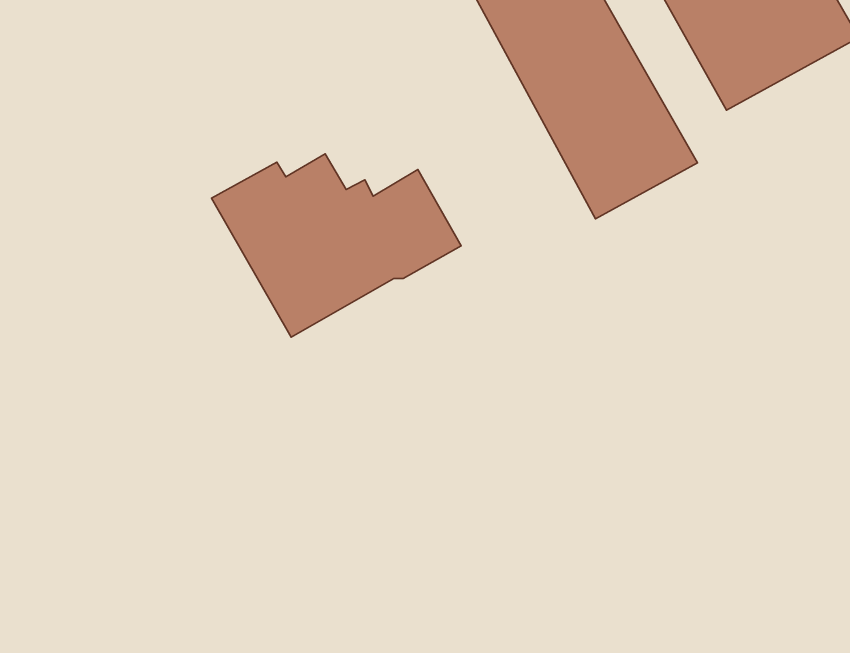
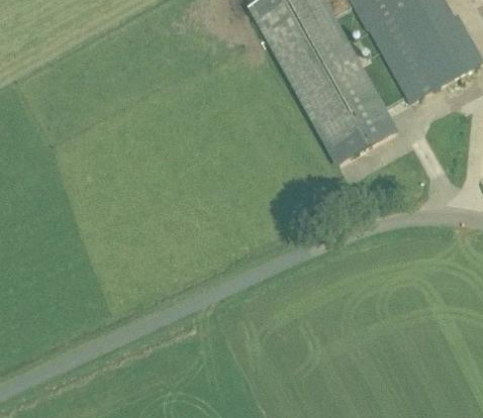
building: [212,154,461,337] -> none

